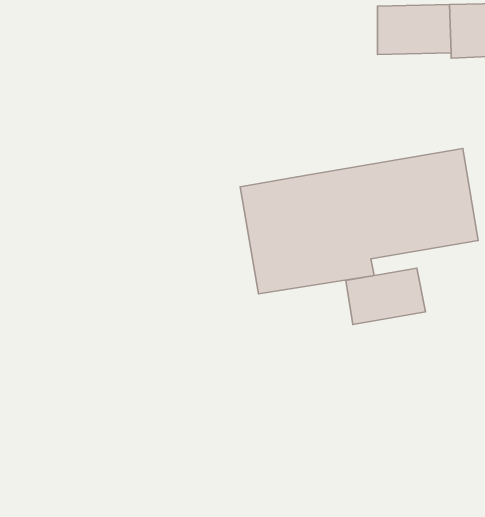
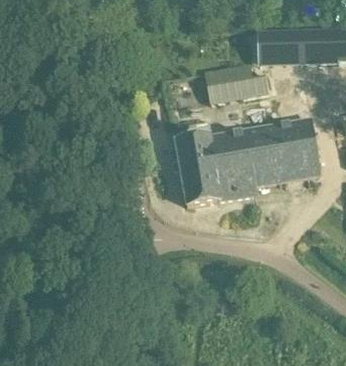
building: none -> [204,63,268,102]
building: [346,268,425,324] -> none

